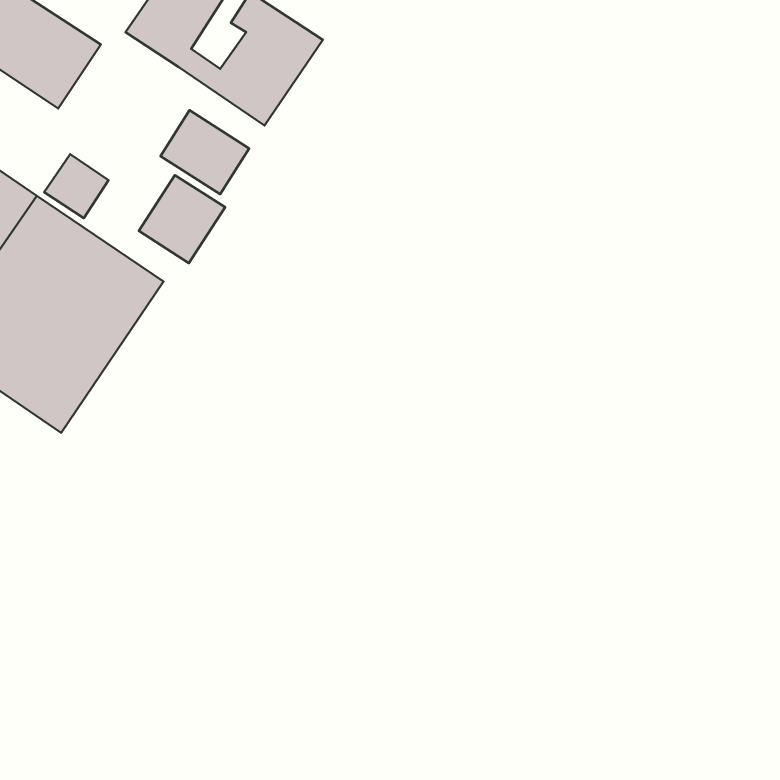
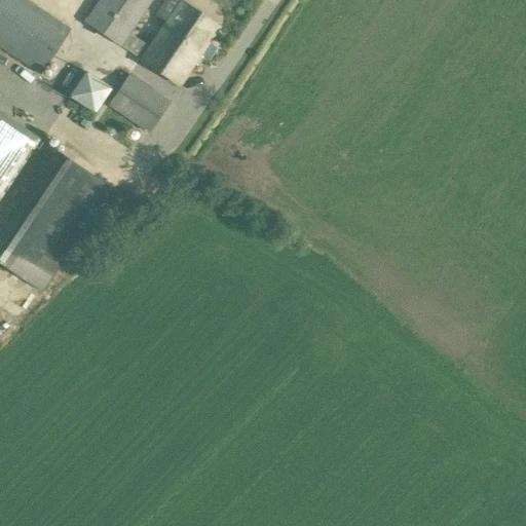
building: [44,154,108,218] -> [67,70,110,113]
building: [139,175,225,263] -> none

